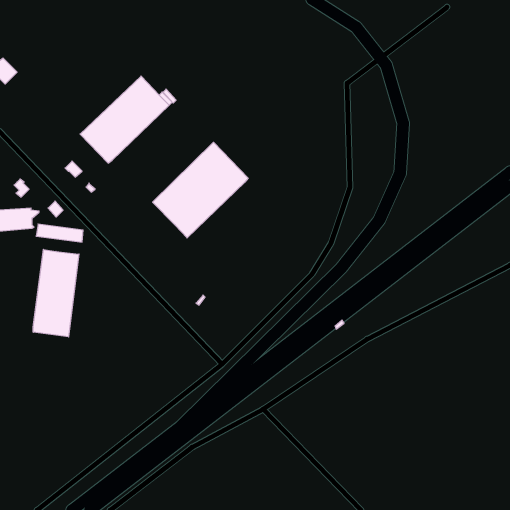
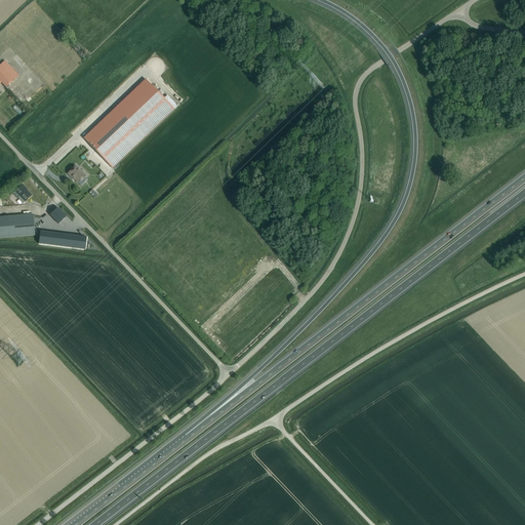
building: [153,142,248,238] -> none
building: [33,249,79,337] -> none

